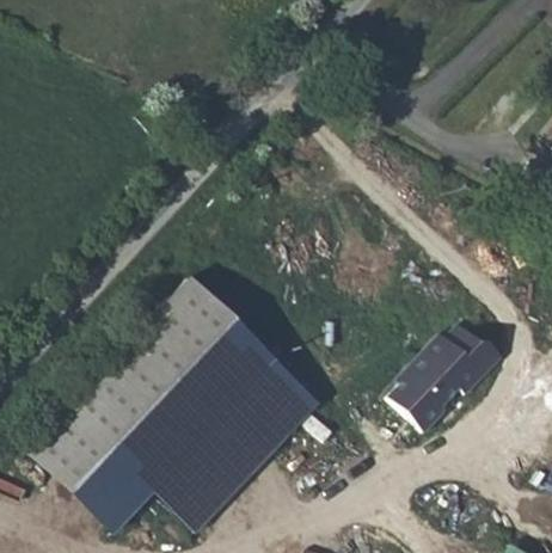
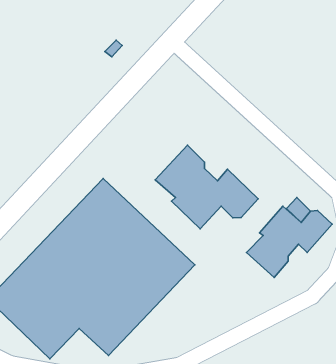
building: none -> [155,145,258,229]

